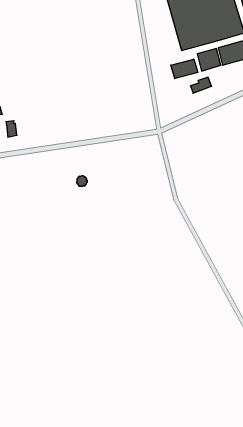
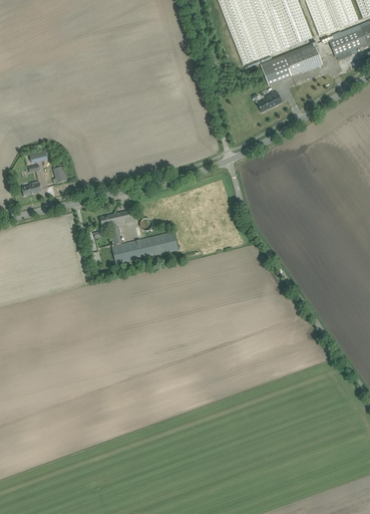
building: [171,59,198,79] -> none
building: none -> [100,210,177,264]

